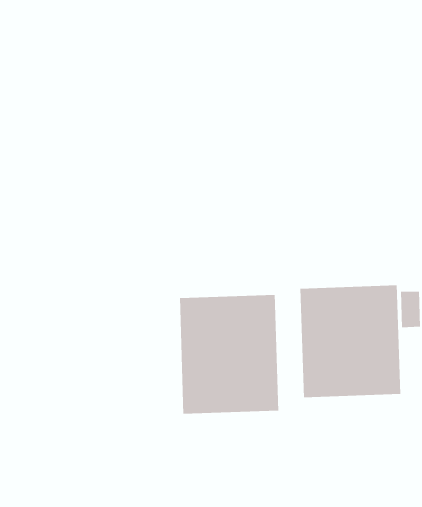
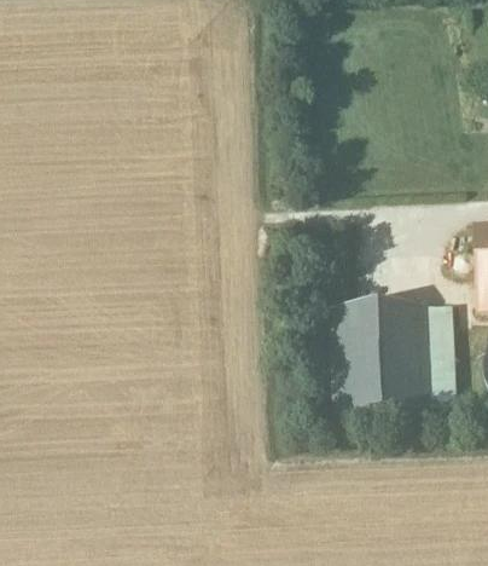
building: [179,294,279,414] -> none

